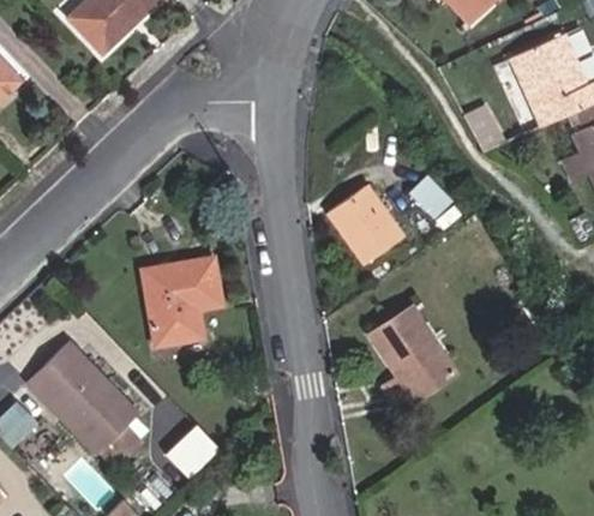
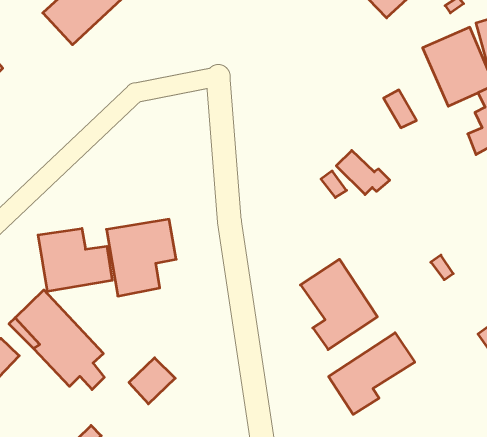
building: [326,184,404,265] -> none
building: none -> [38,228,112,292]
building: none -> [329,333,415,414]

